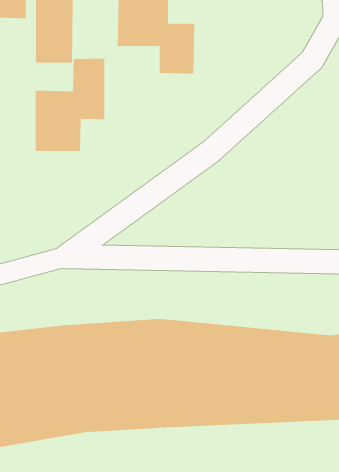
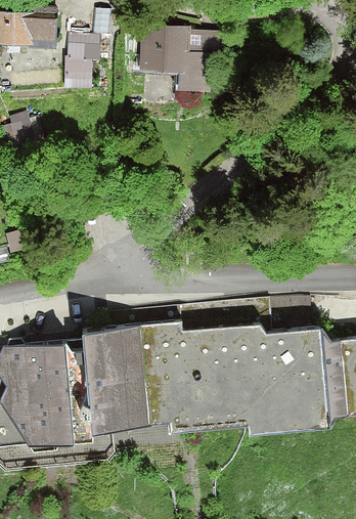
building: [35,58,105,152] -> none

